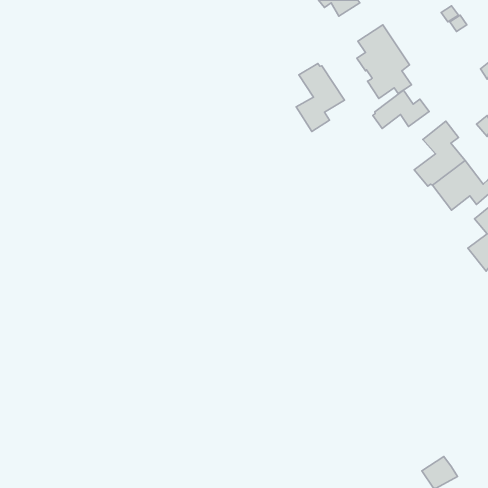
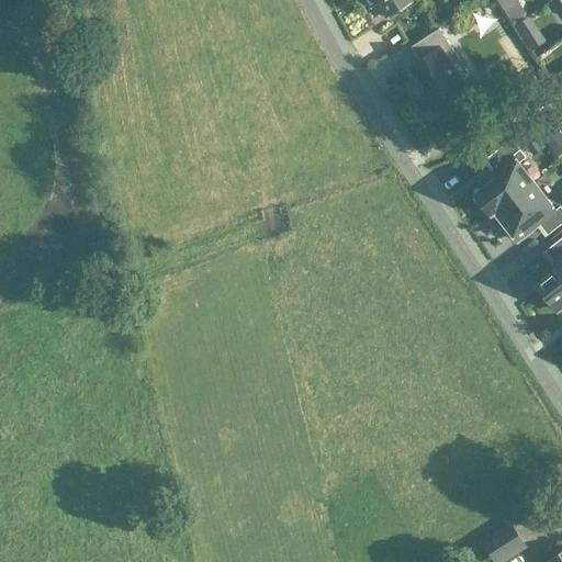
building: [296,63,344,132] -> none
building: [373,90,429,129] -> none

